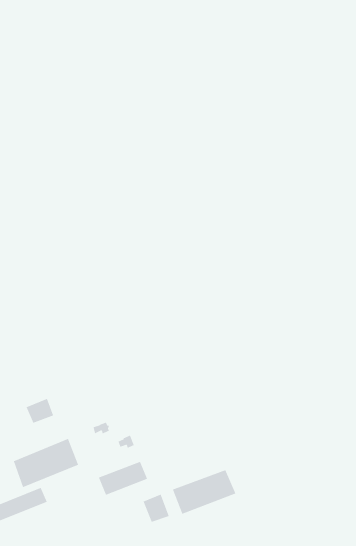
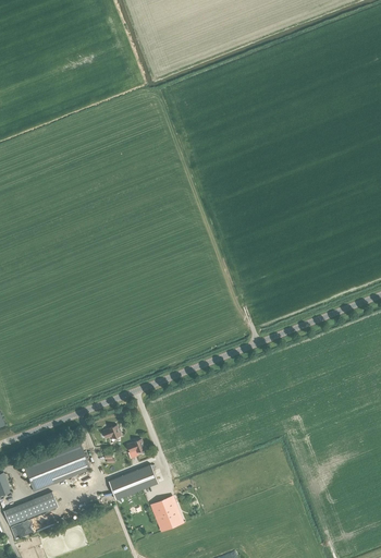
building: [26,398,54,424] -> none
building: [172,469,236,515] -> none

